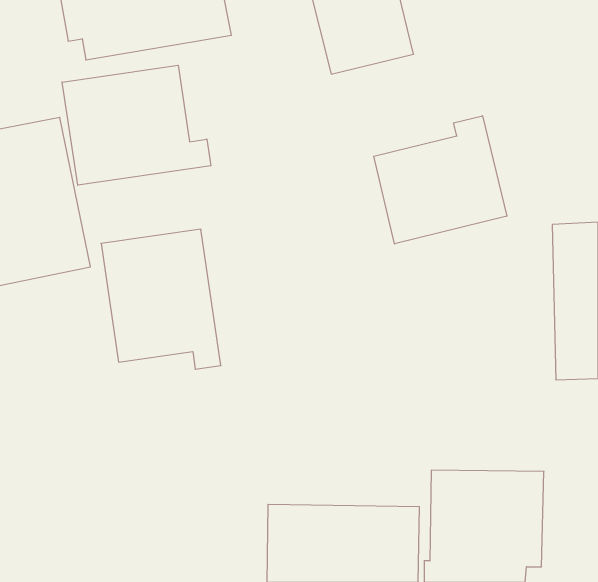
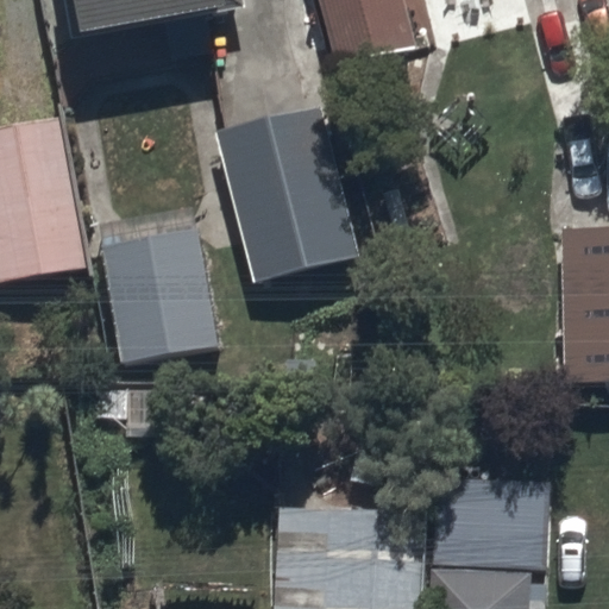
building: [62,65,211,185] -> none
building: none -> [218,107,362,283]
building: [374,116,507,244] -> none

